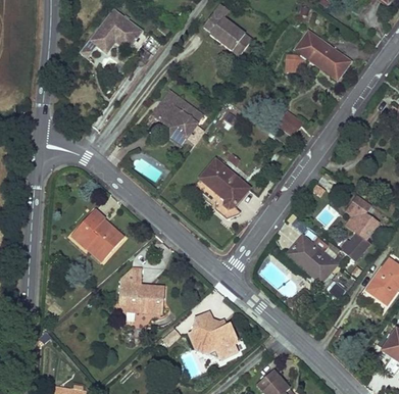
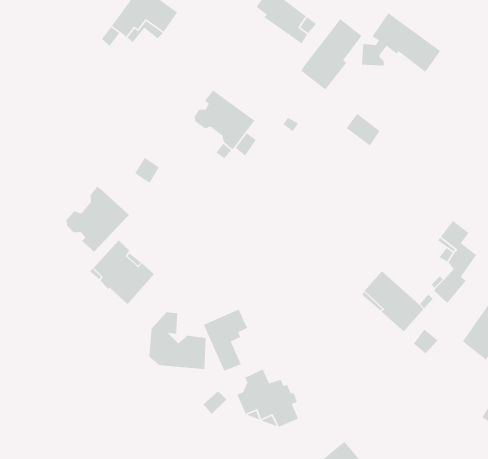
building: none -> [300,18,362,91]
building: [200,159,249,208] -> none
building: none -> [66,186,130,252]
building: none -> [203,308,248,372]

